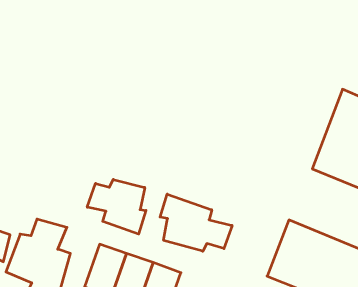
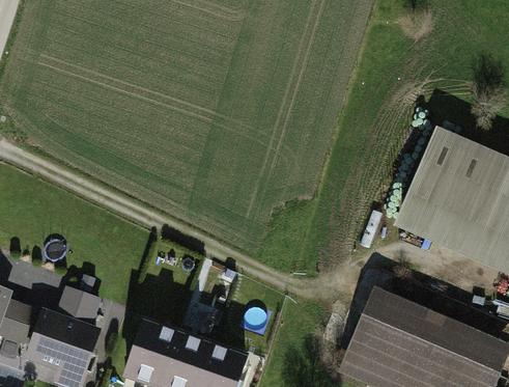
building: [87,179,146,234] -> none
building: [160,194,232,251] -> none

